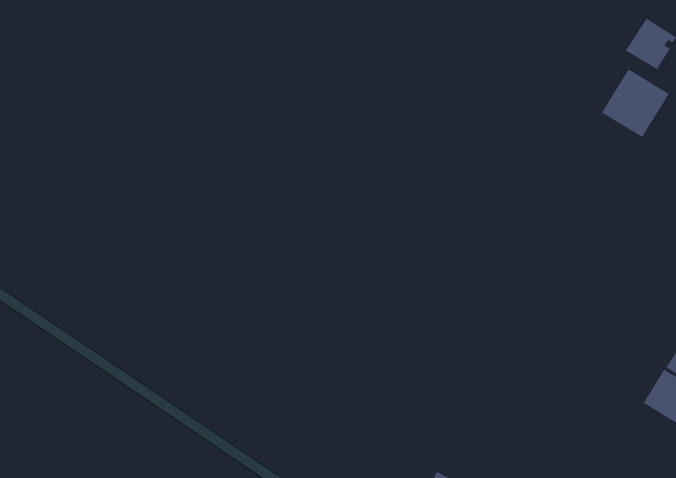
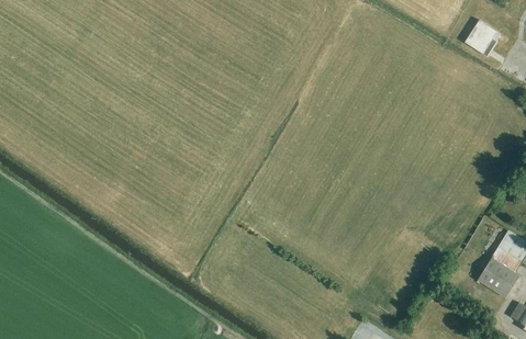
building: [601,68,669,138] -> none

